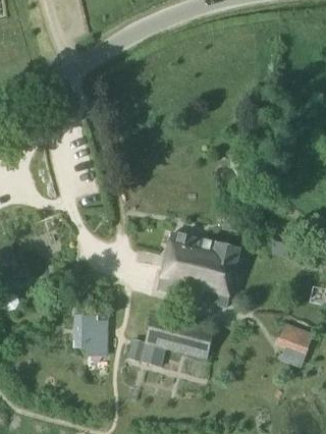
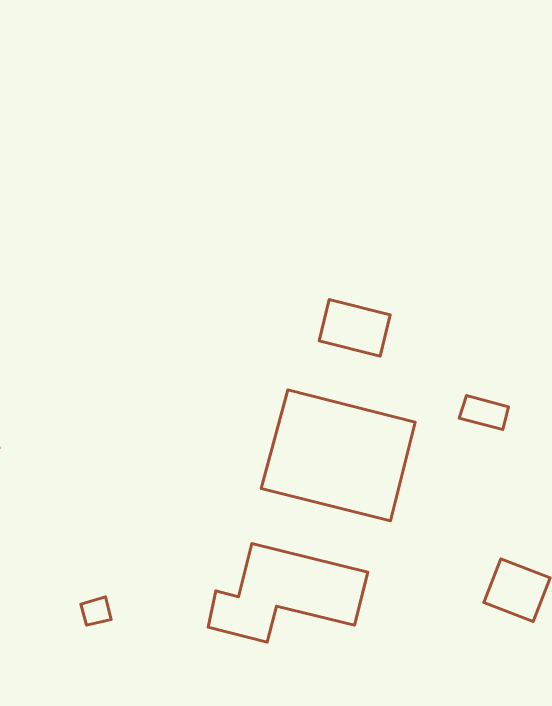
building: none -> [319,300,390,356]
building: [80,315,106,347] -> none

